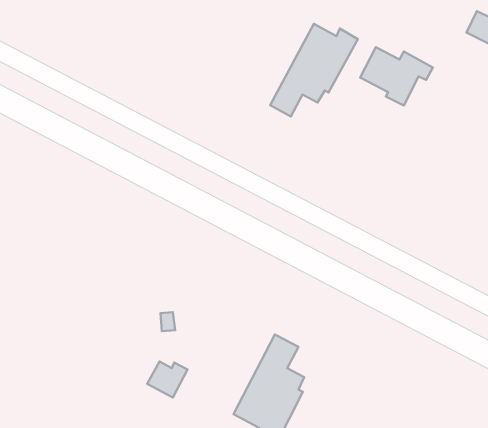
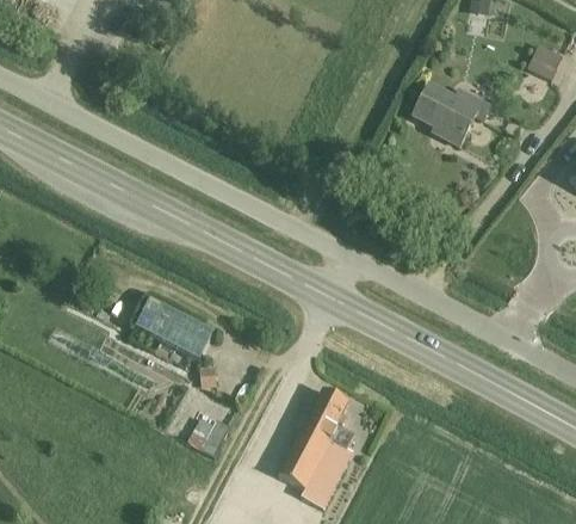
building: [270,24,358,116] -> none
building: none -> [138,298,206,353]

